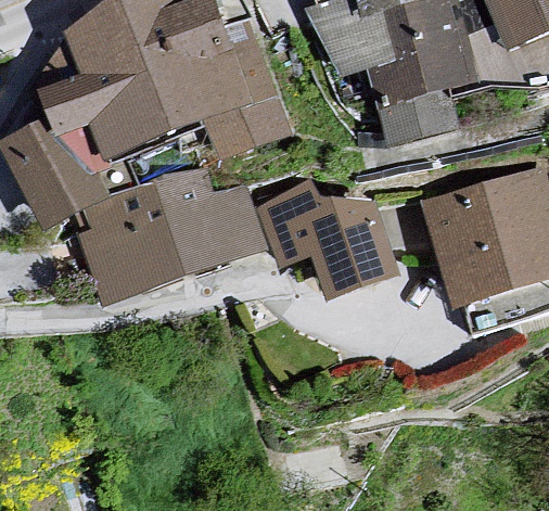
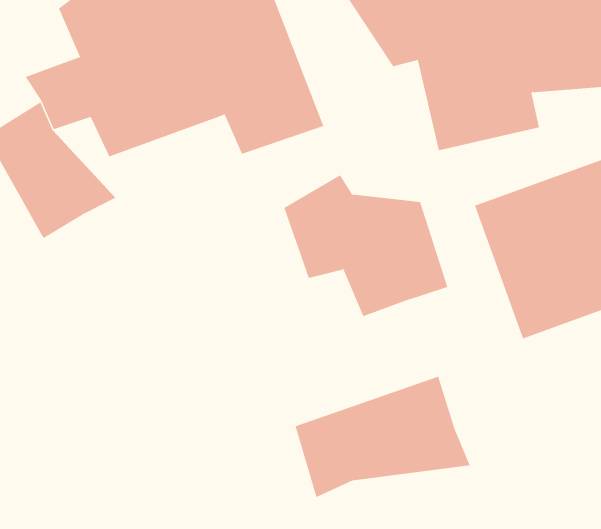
building: [75,179,266,303] -> none
building: none -> [295,376,471,498]

